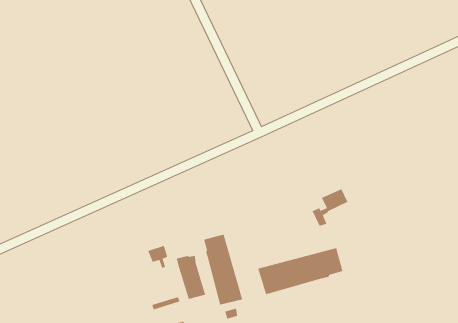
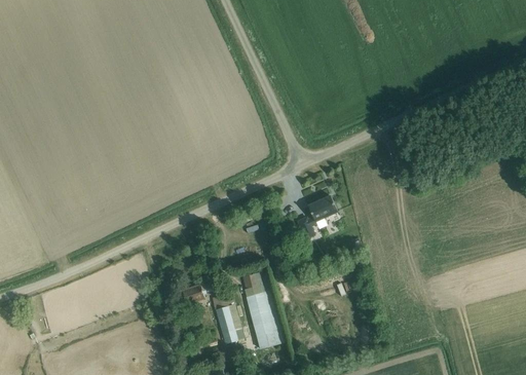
building: [311,188,348,227] -> [296,196,336,238]
building: [257,247,343,295] -> none

